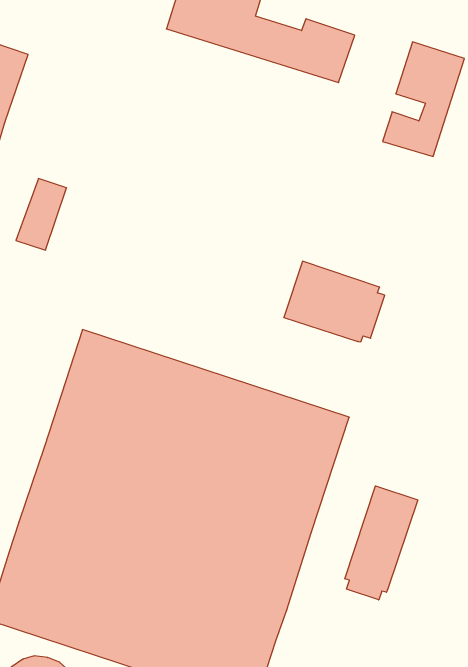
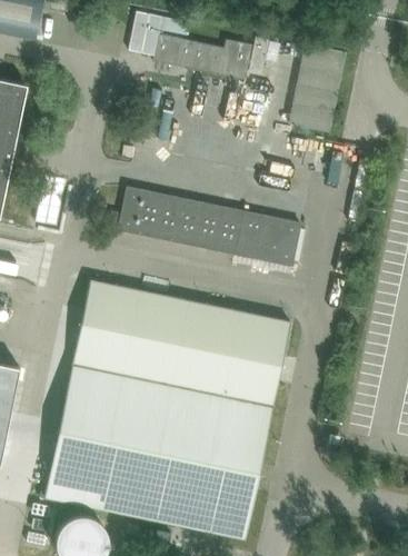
building: none -> [118,188,242,255]
building: [345,486,418,600] -> none

